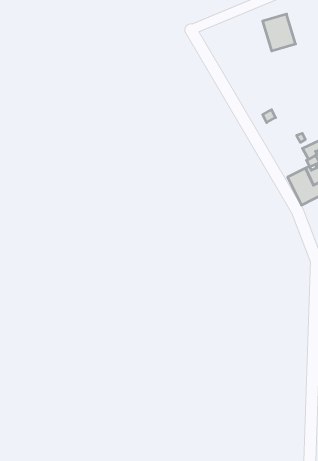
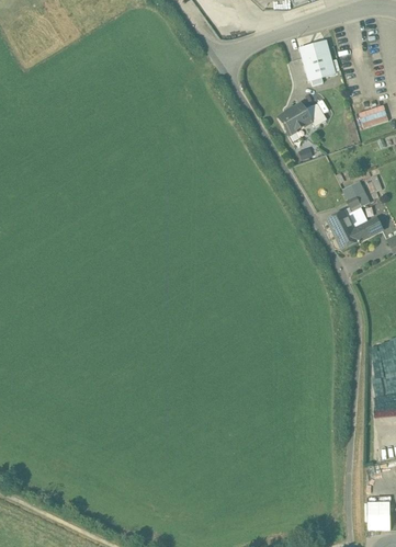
building: none -> [278,103,310,134]

